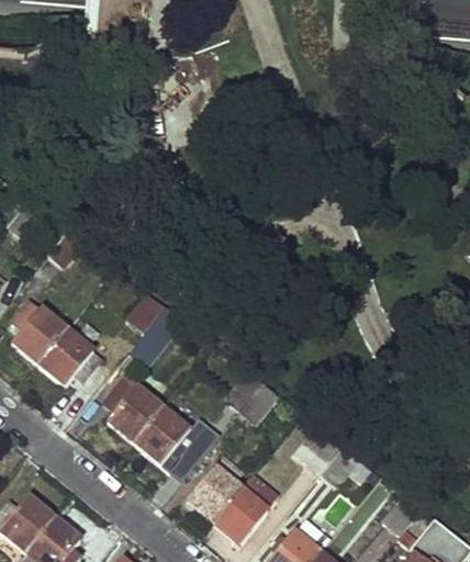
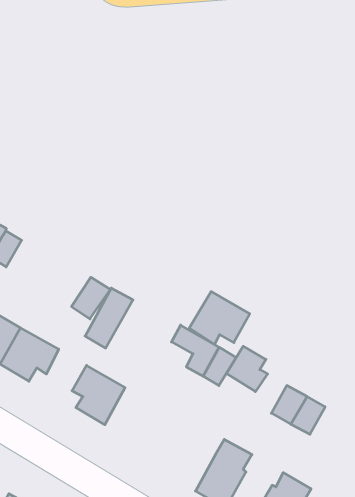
building: none -> [189,292,250,344]
building: none -> [227,346,268,392]
building: [136,409,200,465] -> none
building: [190,470,243,525] -> none

